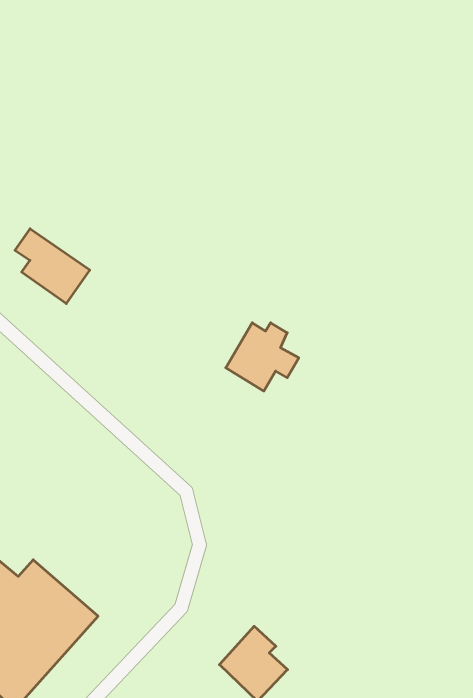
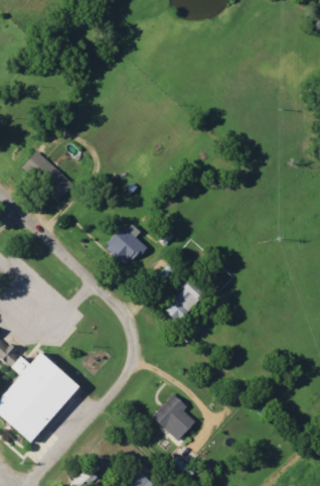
building: [226,323,299,391] -> [104,223,148,264]
building: none -> [164,283,201,323]

